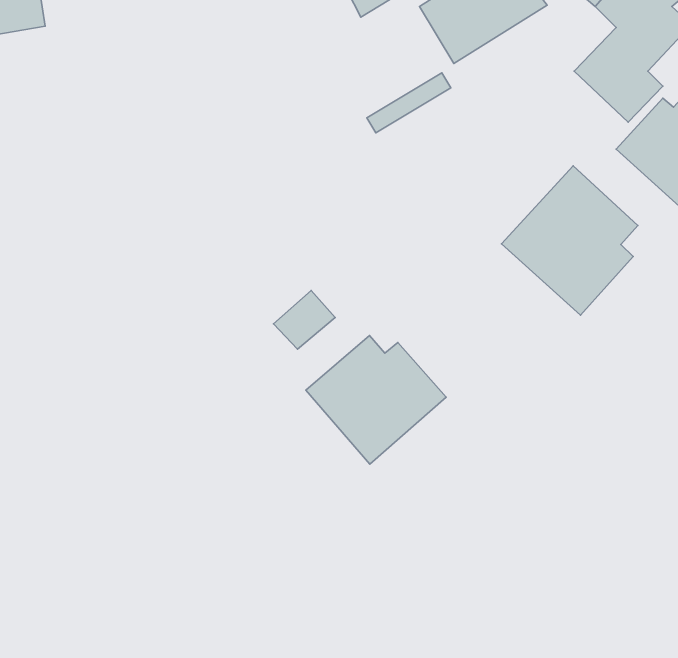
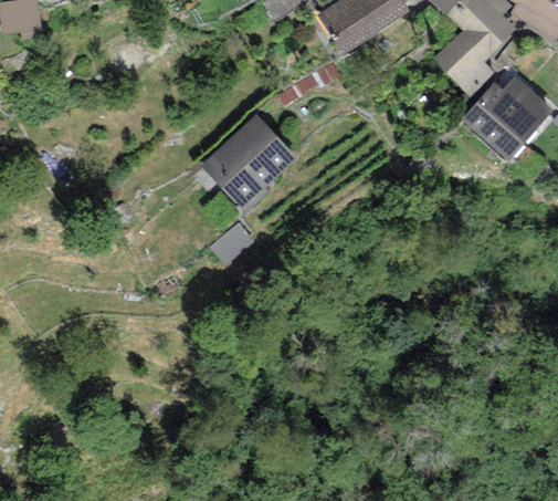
building: none -> [201,113,297,212]
building: [501,166,638,315] -> none
building: [306,335,446,464] -> none

